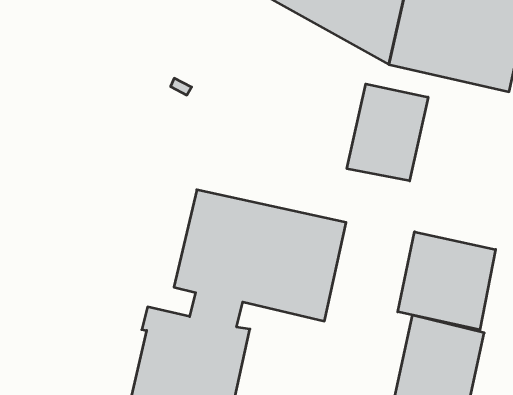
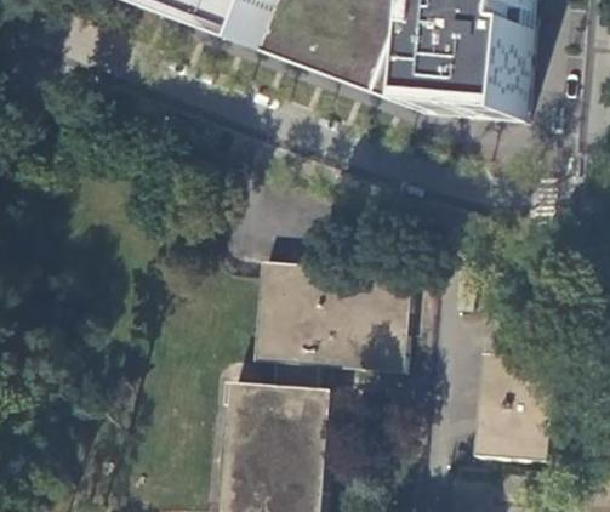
building: [347,84,428,181] -> none
building: [398,232,496,330] -> none

